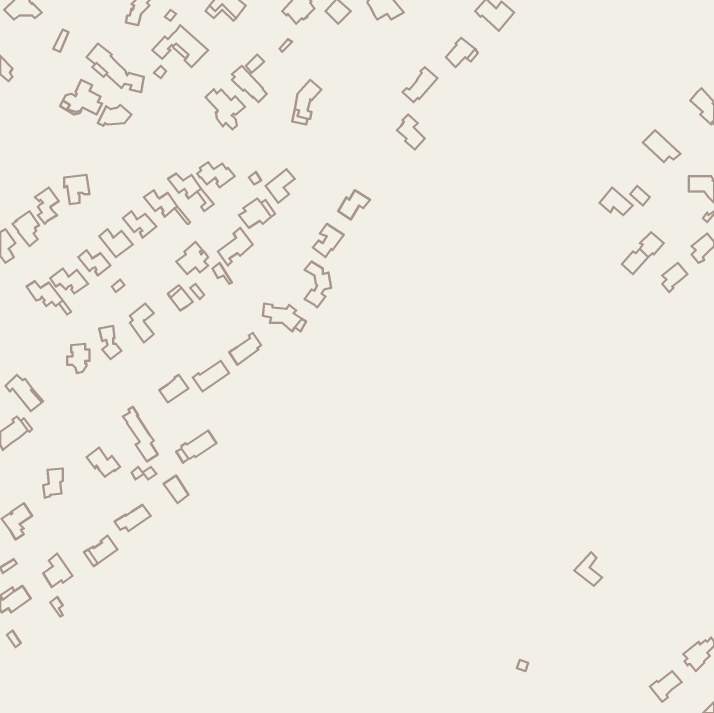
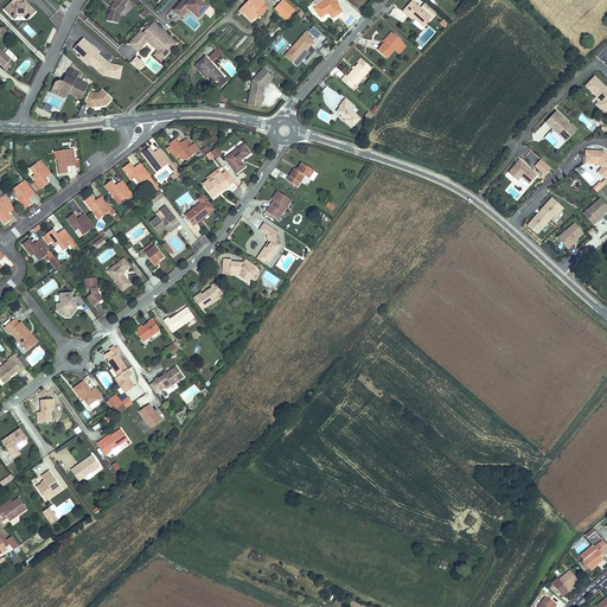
building: none -> [286,25,321,65]
building: [206,89,245,129] -> none

